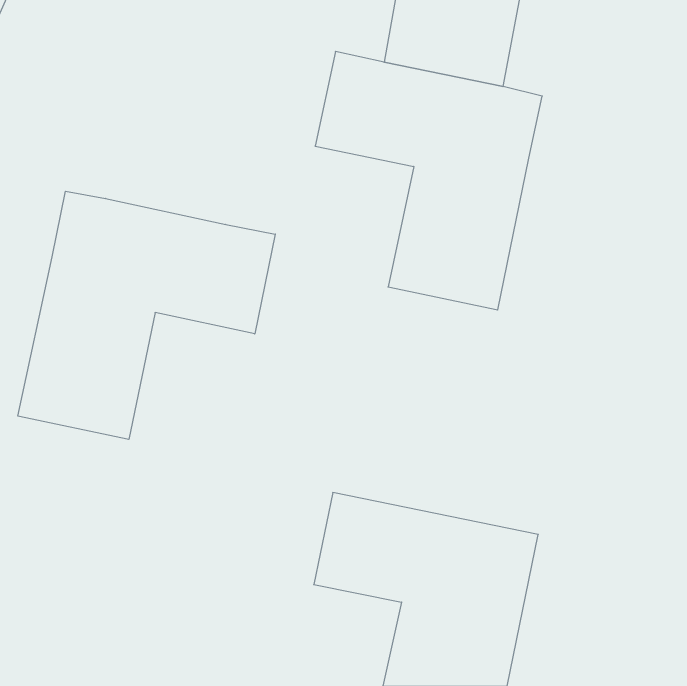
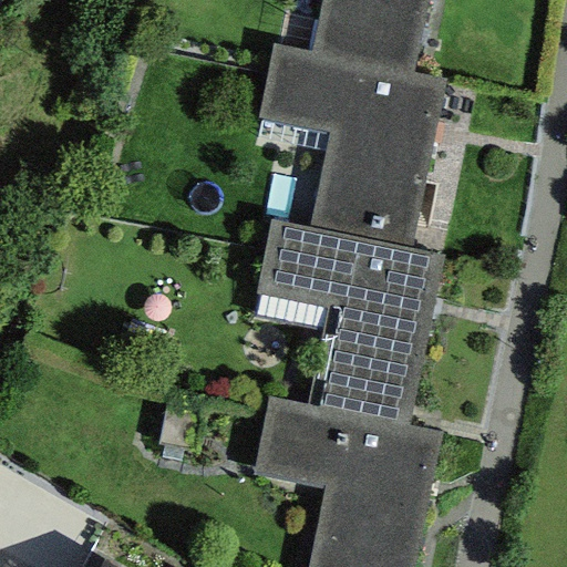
building: [18,191,275,439] -> none
building: none -> [258,229,441,424]

